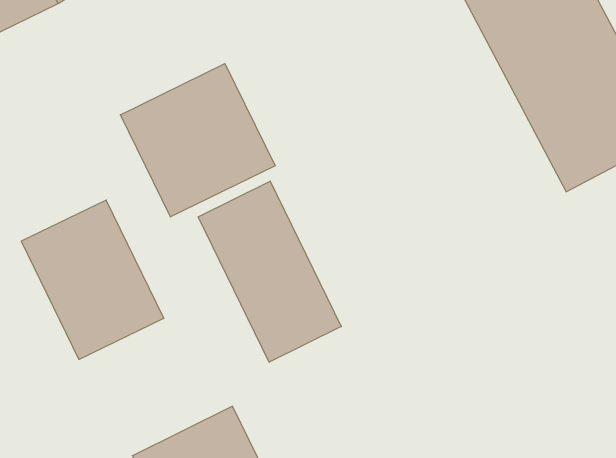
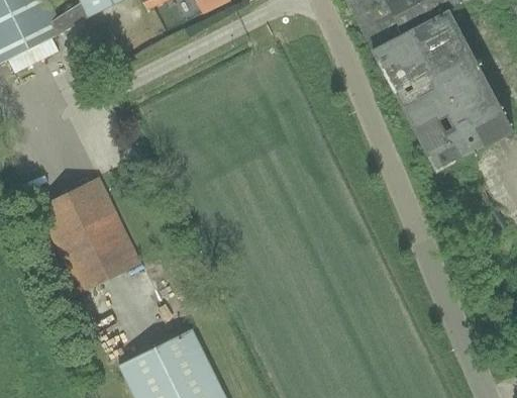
building: [120,64,275,217] -> none
building: [198,181,341,362] -> none

